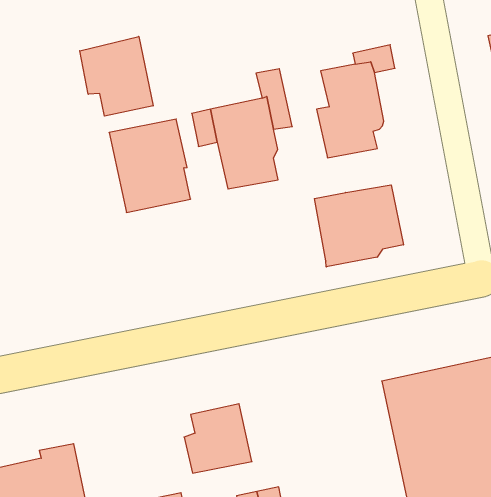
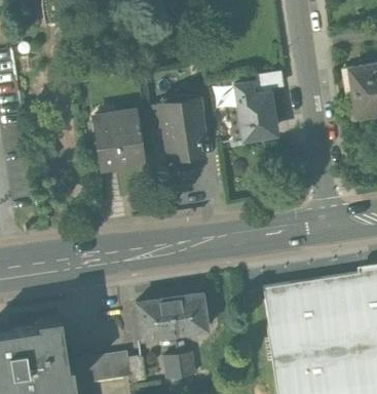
building: [80,36,153,116] -> none
building: [314,185,403,267] -> none
building: none -> [168,292,212,336]

